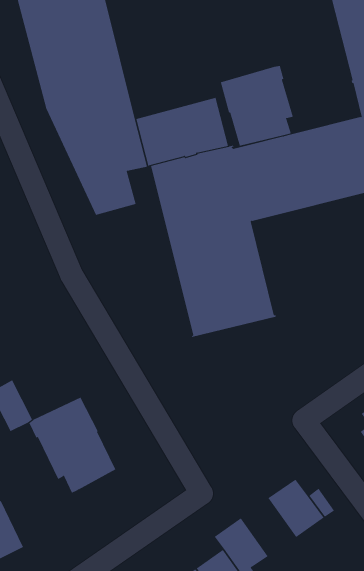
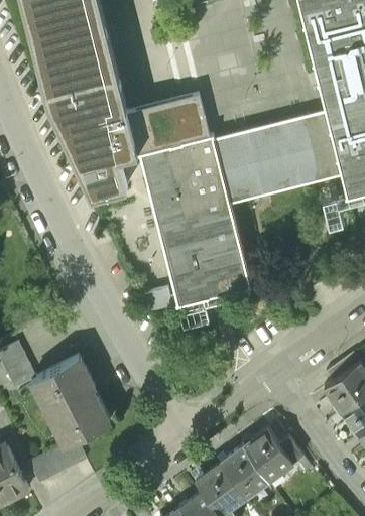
building: [220,65,294,147] -> none
building: none -> [28,440,86,486]
building: none -> [220,447,268,499]

